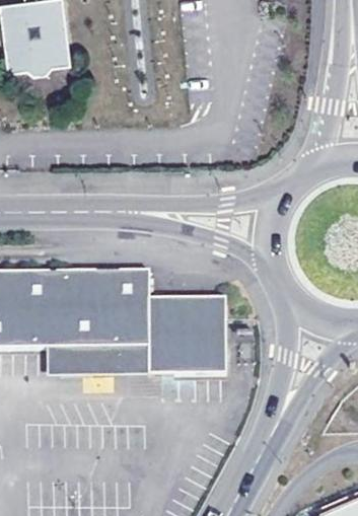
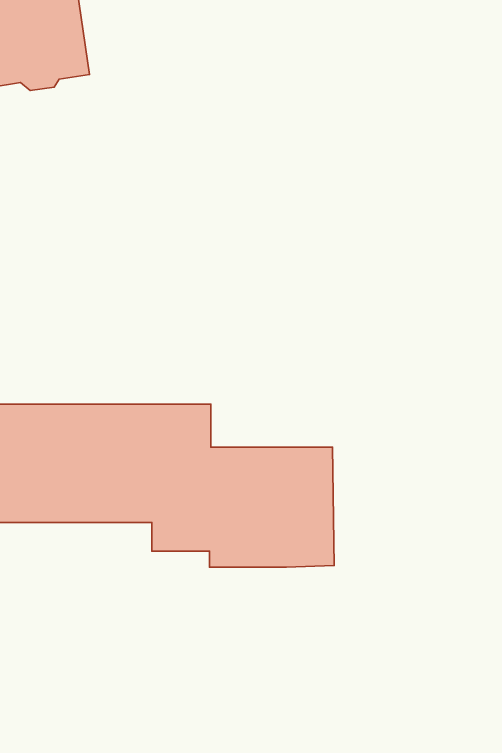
building: [45,345,147,373] -> none

